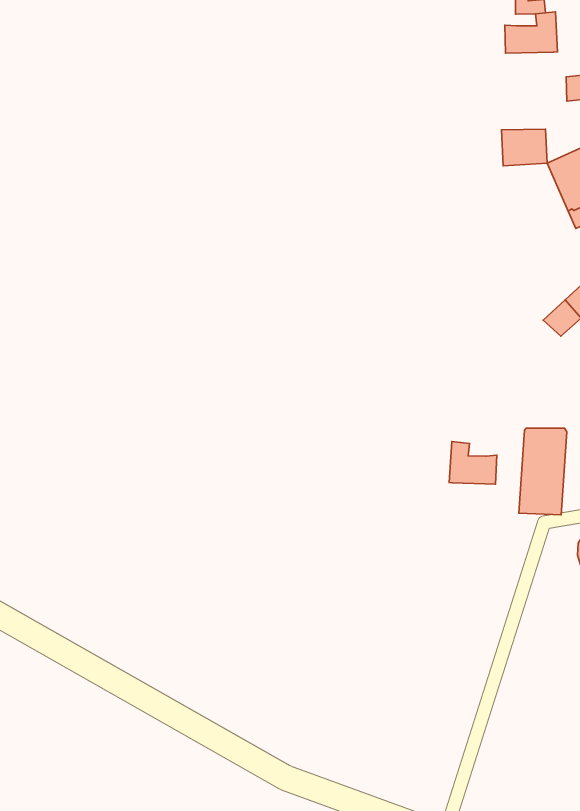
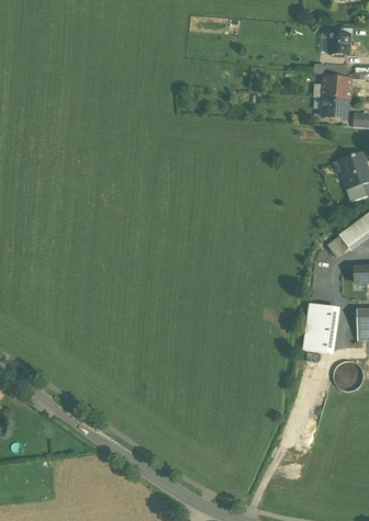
building: [501,129,547,166] -> [323,98,348,118]
building: [449,441,497,484] -> none

